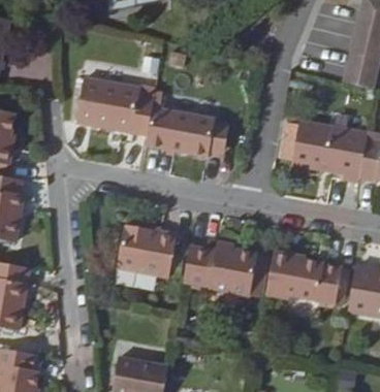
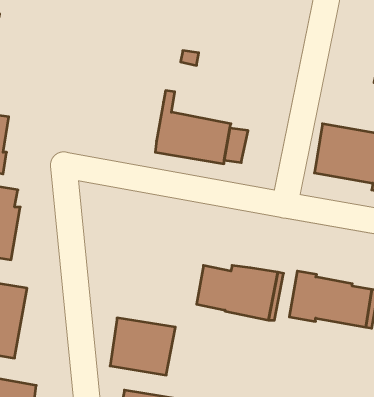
building: [75,77,152,134] -> none
building: [118,226,177,277] -> [110,318,175,375]

